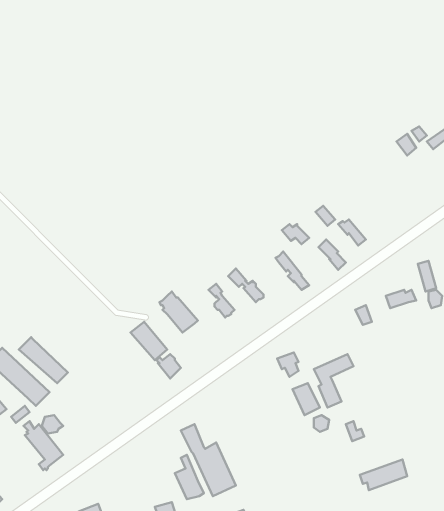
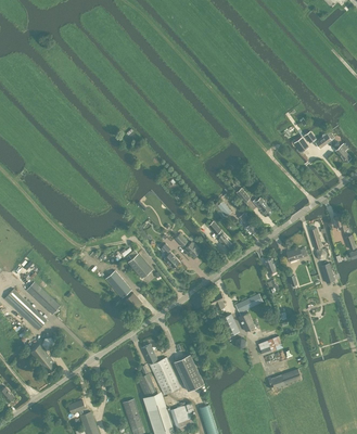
building: none -> [174,354,203,391]

